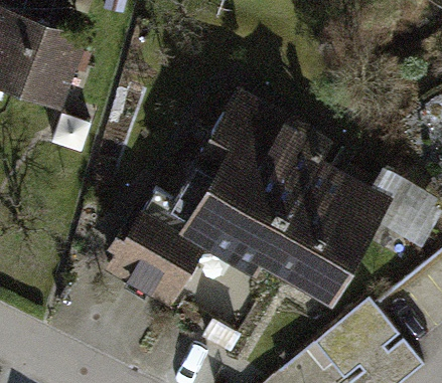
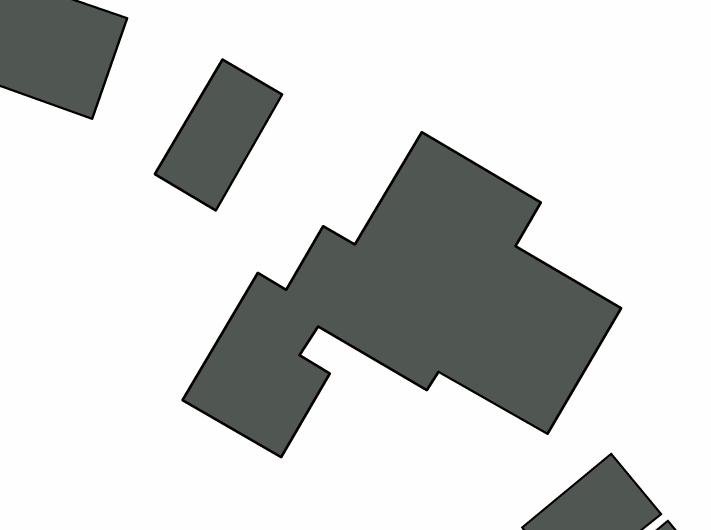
building: none -> [155,60,282,210]

